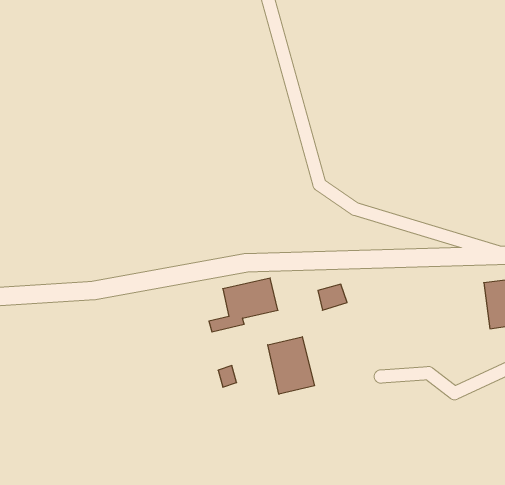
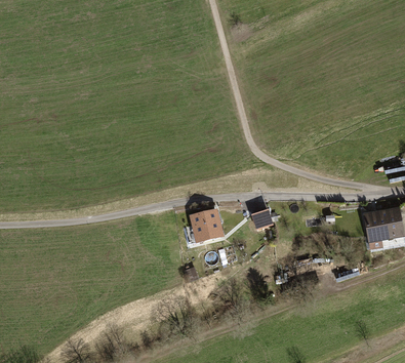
building: [268,337,314,394] -> none

